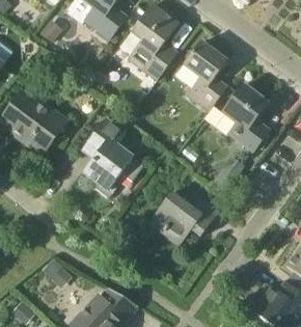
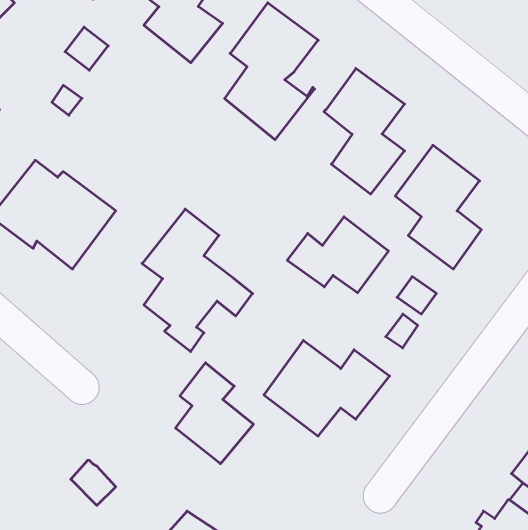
building: none -> [287,217,388,293]
building: none -> [176,363,253,464]

